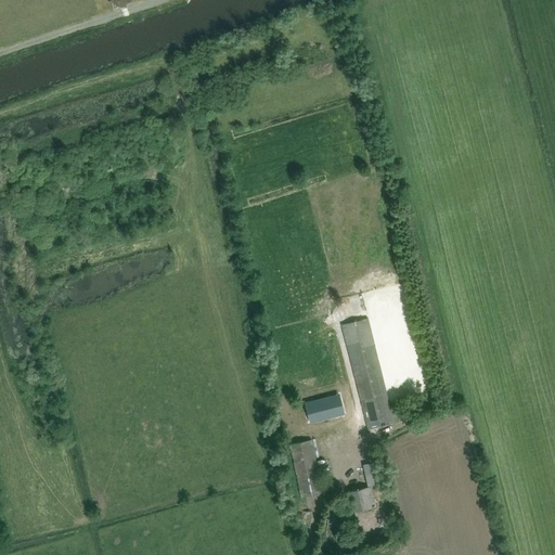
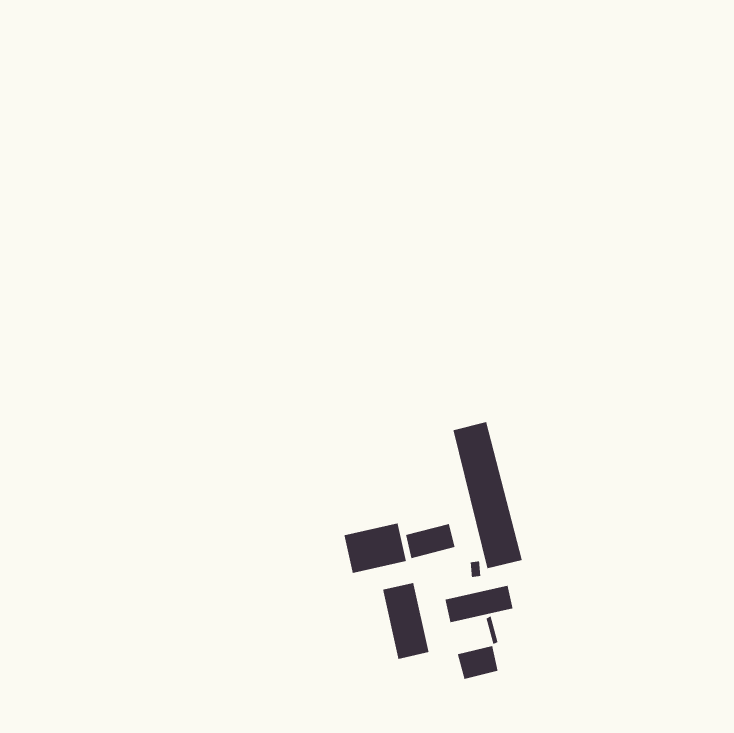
building: none -> [343,523,407,574]
building: none -> [444,585,513,623]

